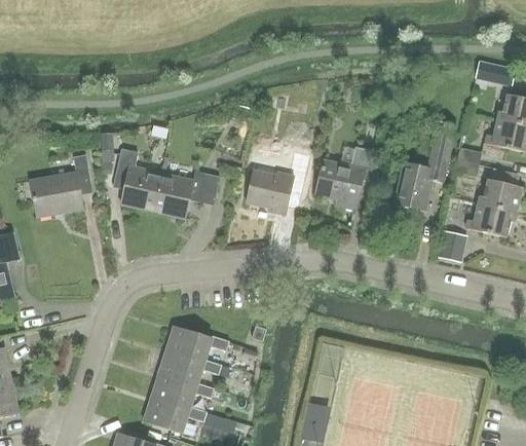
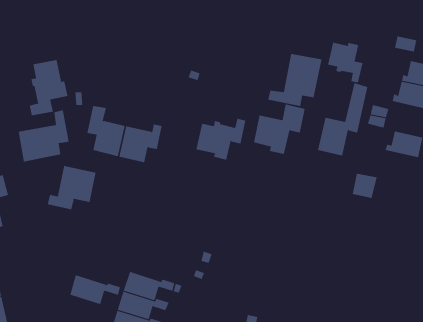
building: none -> [327,42,363,83]
building: none -> [268,53,322,107]
building: none -> [29,59,68,116]
building: [464,202,517,236] -> none
building: none -> [47,165,96,210]
building: [165,325,228,362] -> [69,274,121,305]

